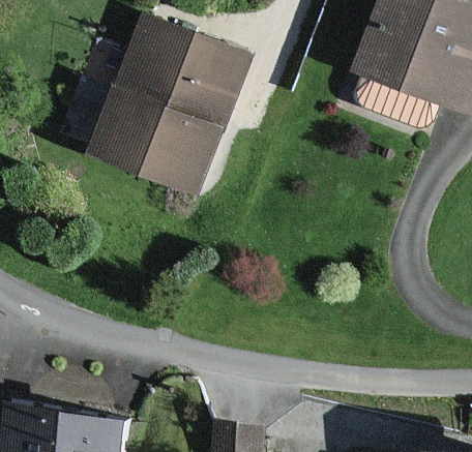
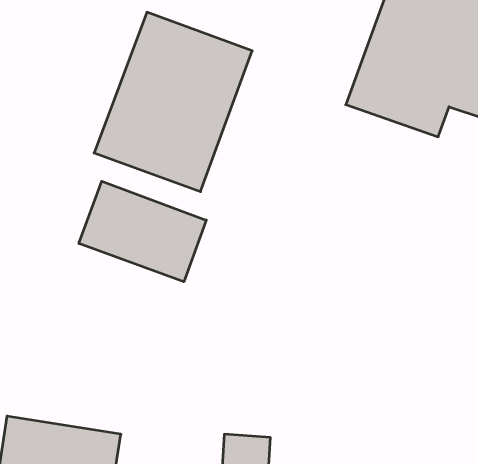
building: none -> [79,181,206,282]

